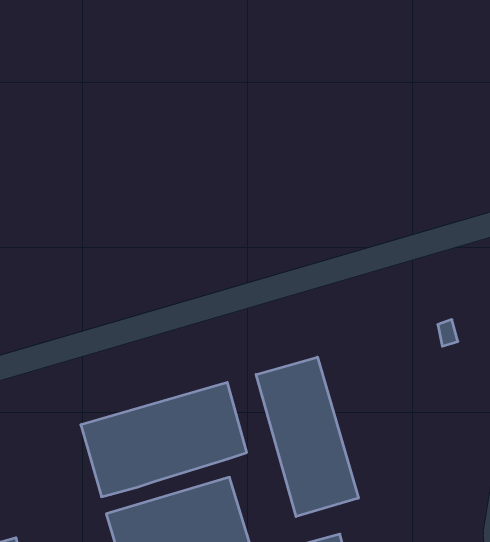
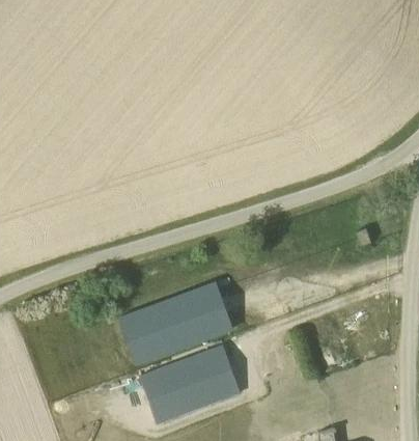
building: [256,357,358,517] -> none

